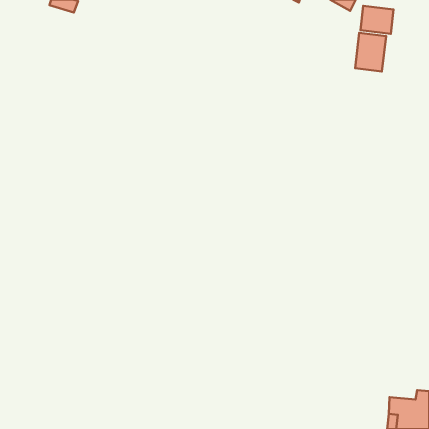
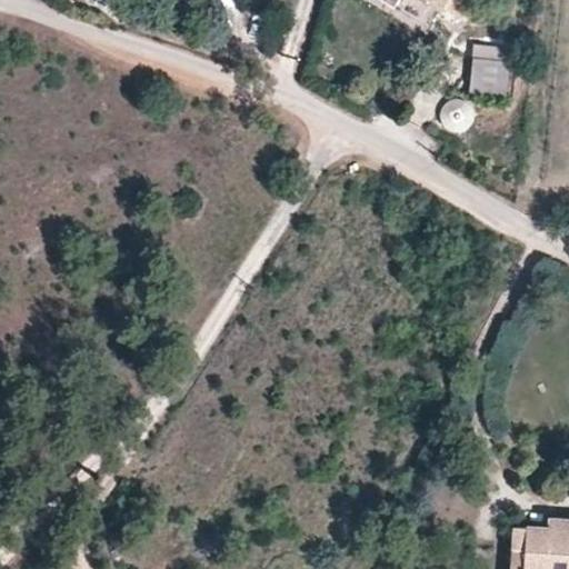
building: [361,6,393,34] -> none

